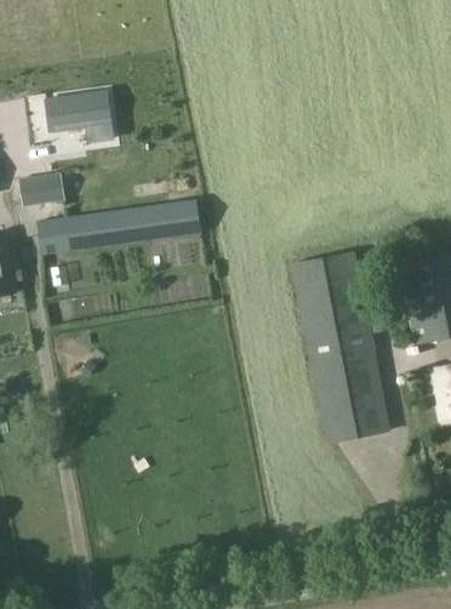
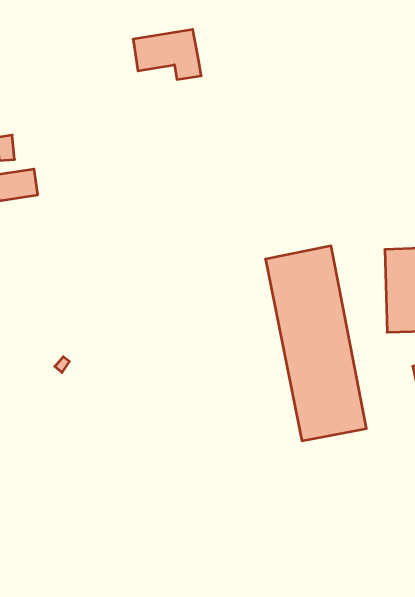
building: [44,81,112,131] -> [133,29,201,79]
building: [34,199,200,257] -> none

